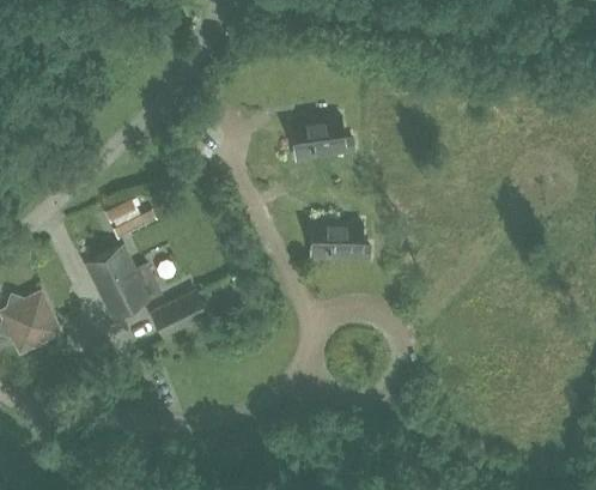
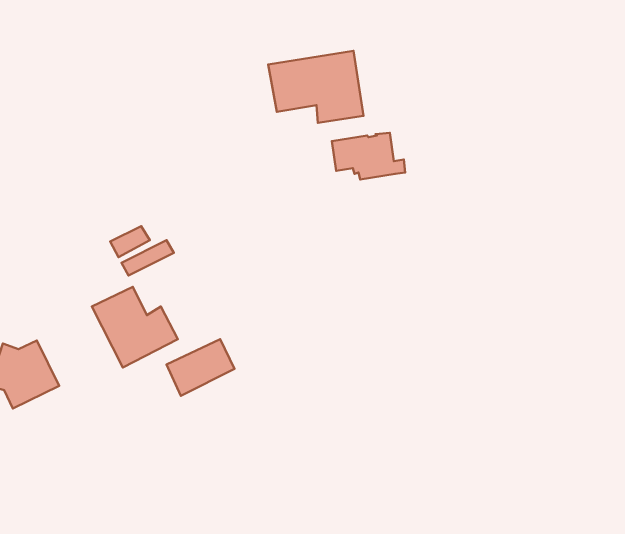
building: none -> [268,51,364,123]
building: [311,224,370,260] -> none

